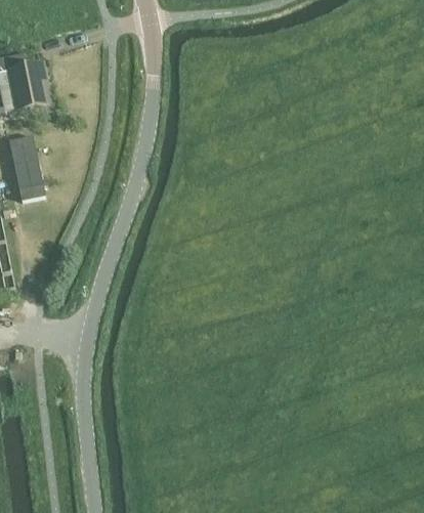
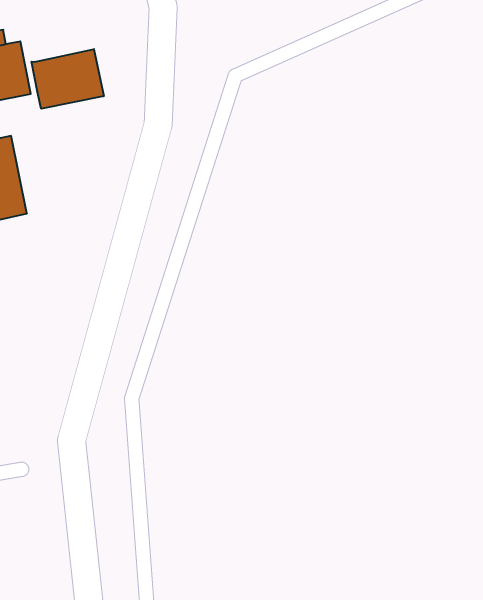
building: none -> [32,49,104,109]

